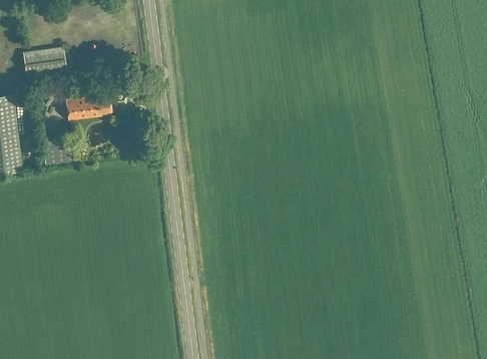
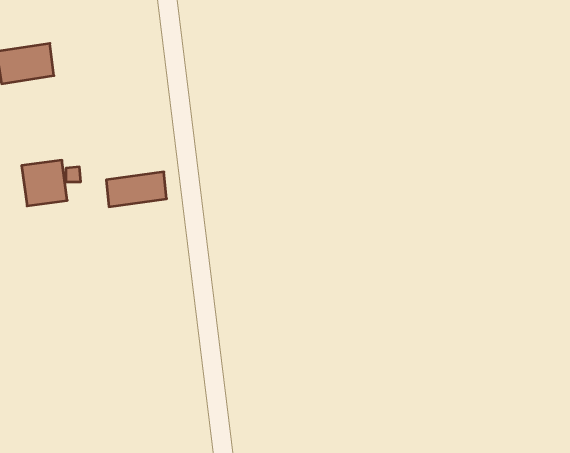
building: [64,94,109,120] -> [106,172,167,207]

